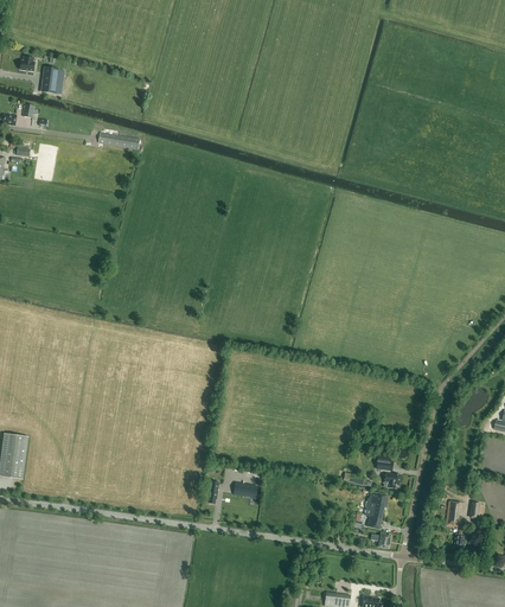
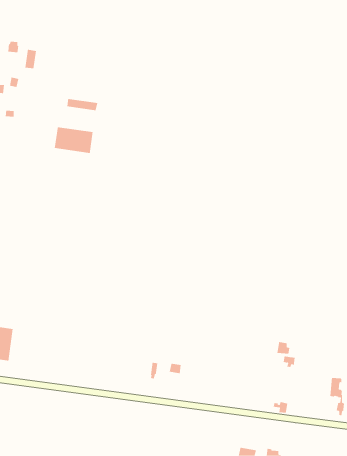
building: none -> [54,126,93,154]
building: [364,492,388,529] -> none

